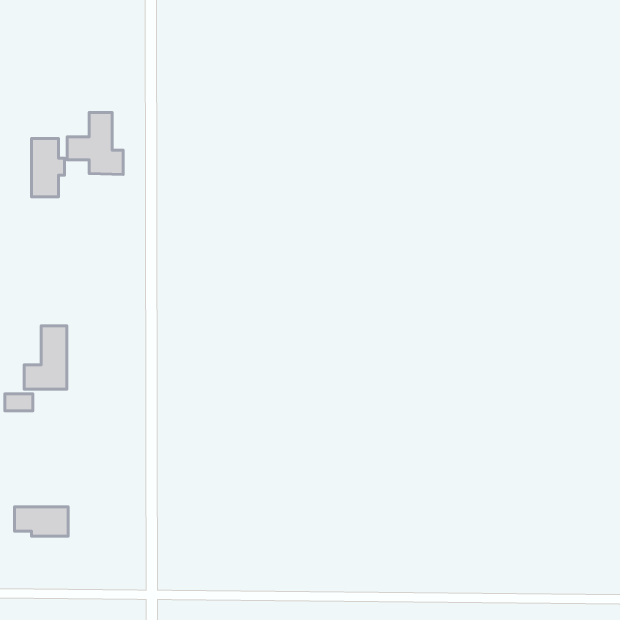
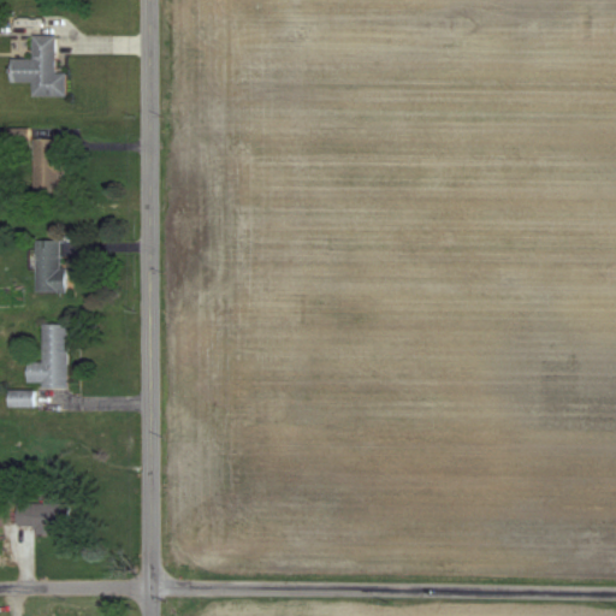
building: [67,113,123,175] -> [10,35,65,96]
building: none -> [34,239,61,291]

